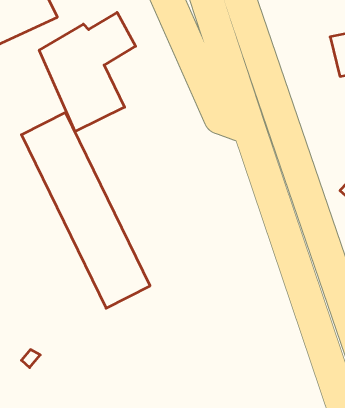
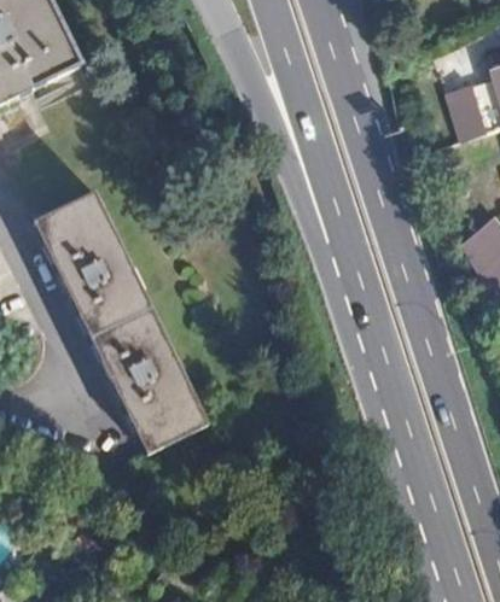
building: [39,12,136,131] -> none

